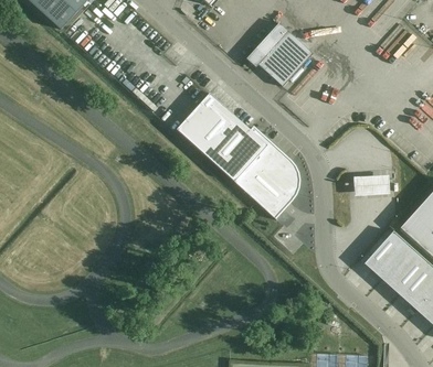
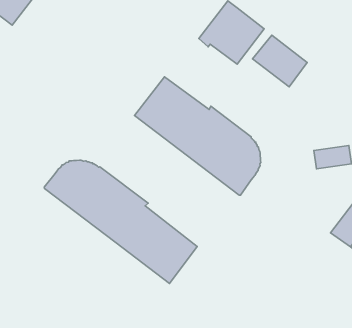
building: none -> [252,35,307,87]
building: none -> [44,160,197,283]

